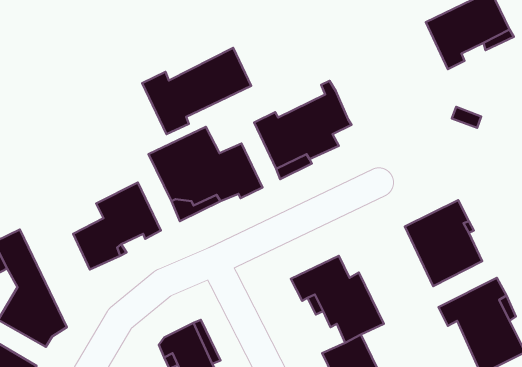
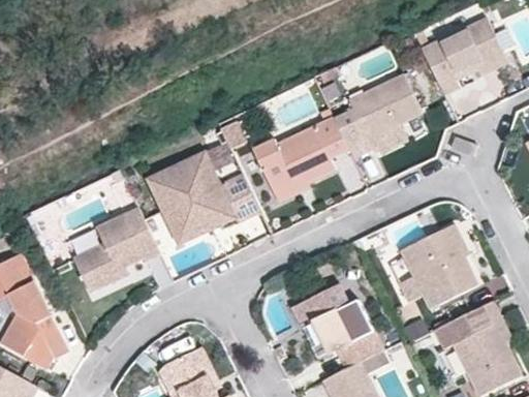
building: none -> [333,73,422,146]
building: [142,48,251,134] -> none

